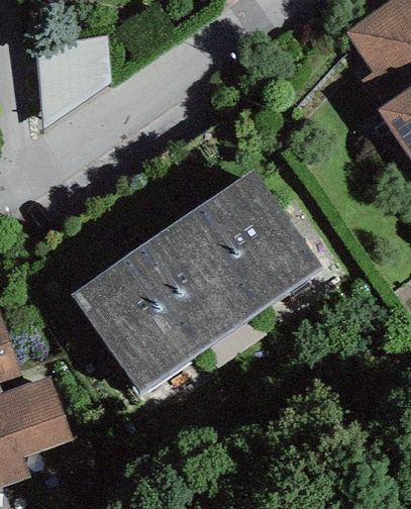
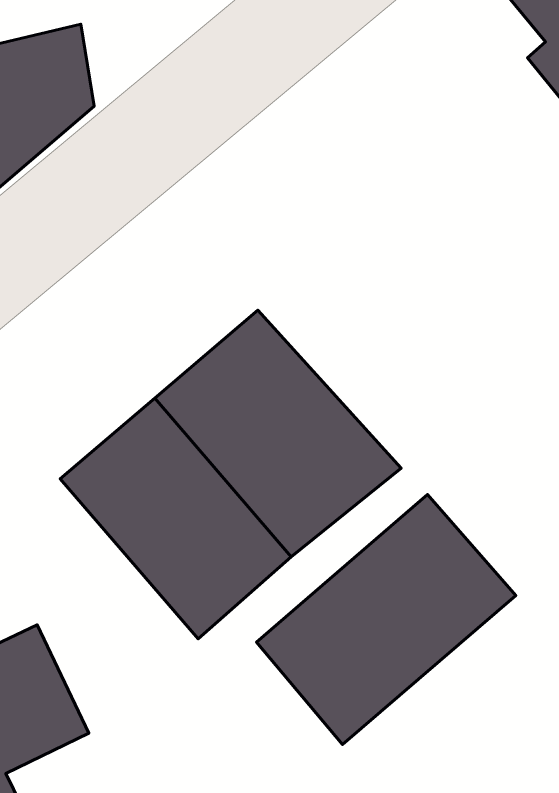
building: [191,166,323,307] -> none
building: none -> [257,495,516,744]

